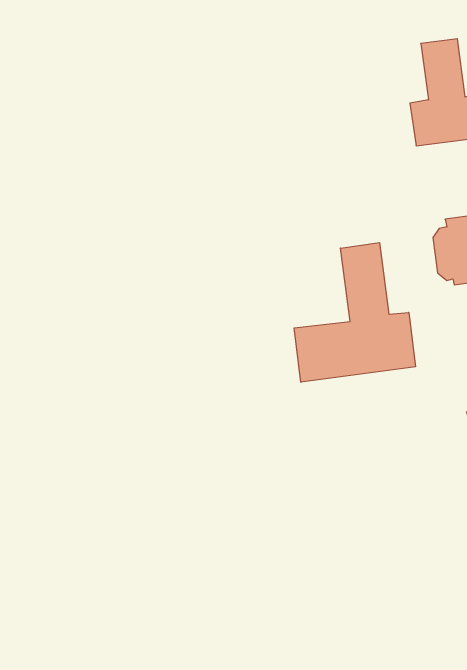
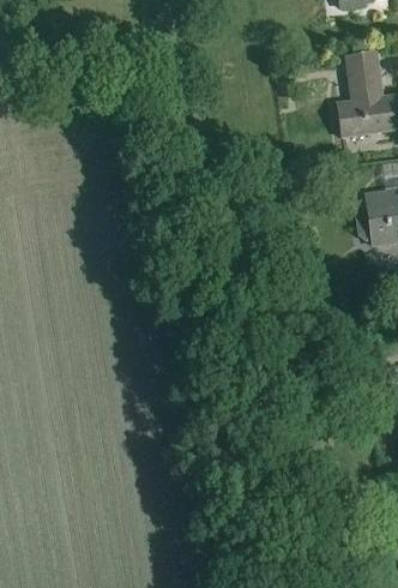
building: [294,243,415,382] -> none

